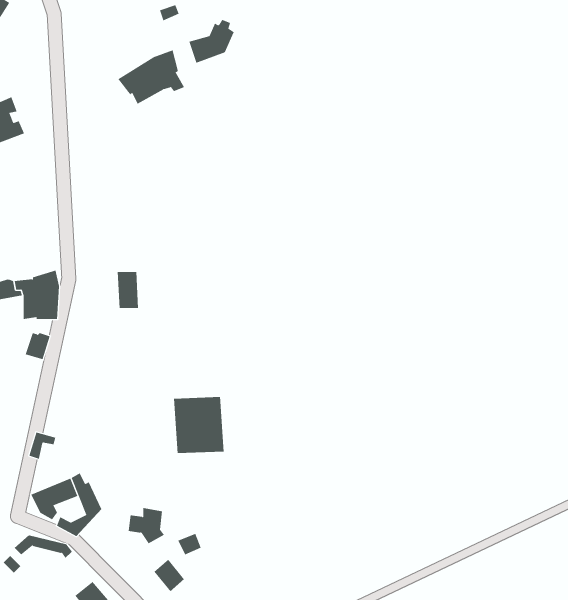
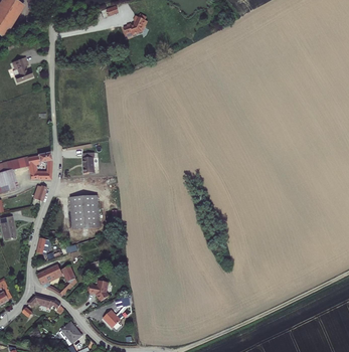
building: [118,49,185,105] -> none
building: [173,397,225,454] -> [69,196,98,227]

